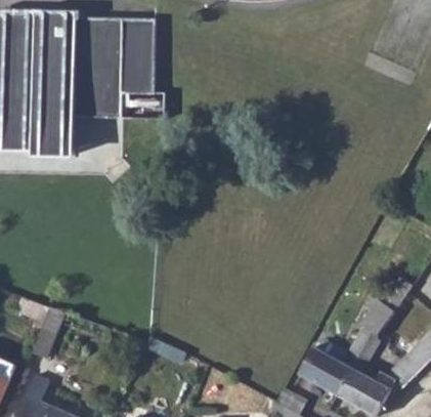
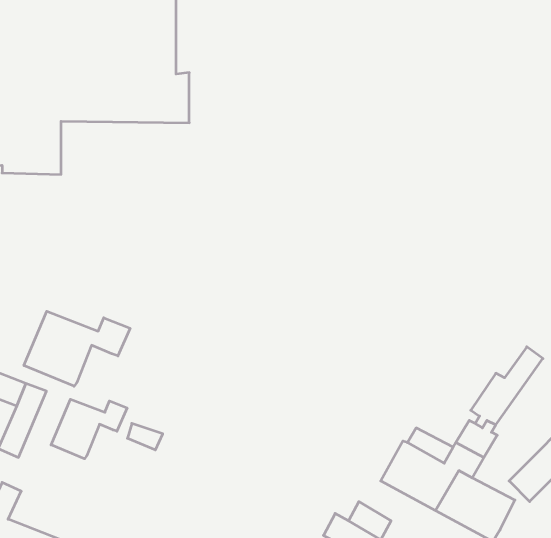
building: none -> [24,311,130,386]
building: none -> [51,399,127,459]

